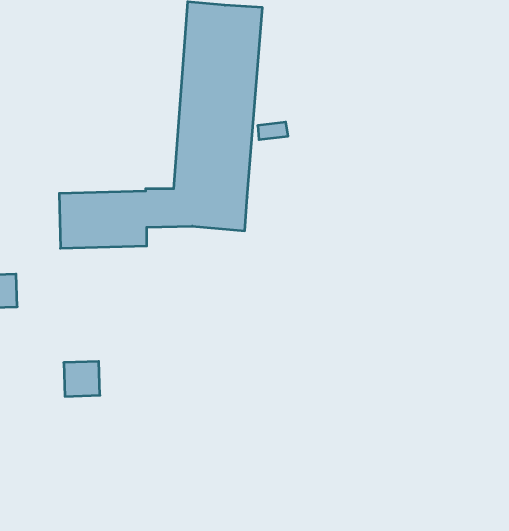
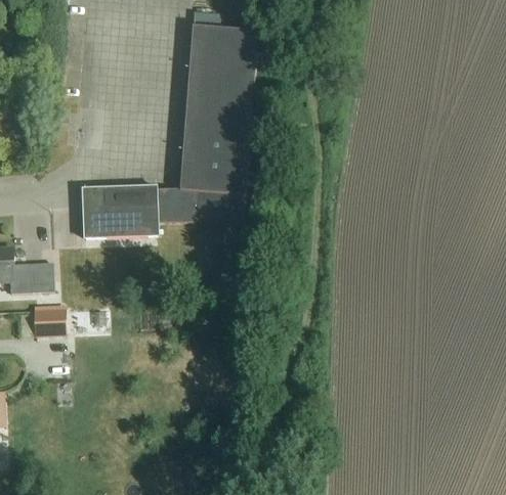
building: [64,361,100,396] -> [35,305,67,335]

